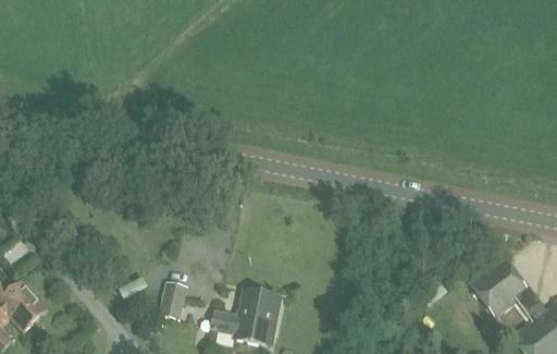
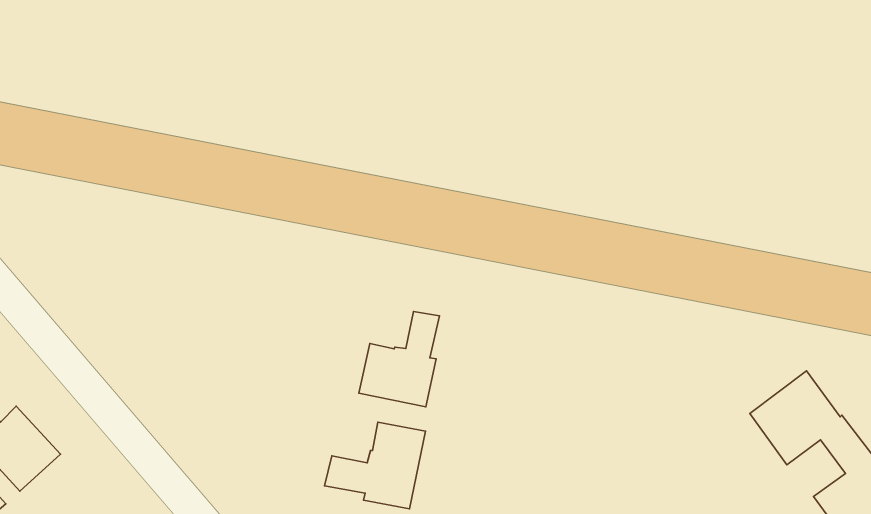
building: none -> [359,311,440,407]
building: [159,280,187,319] -> none

